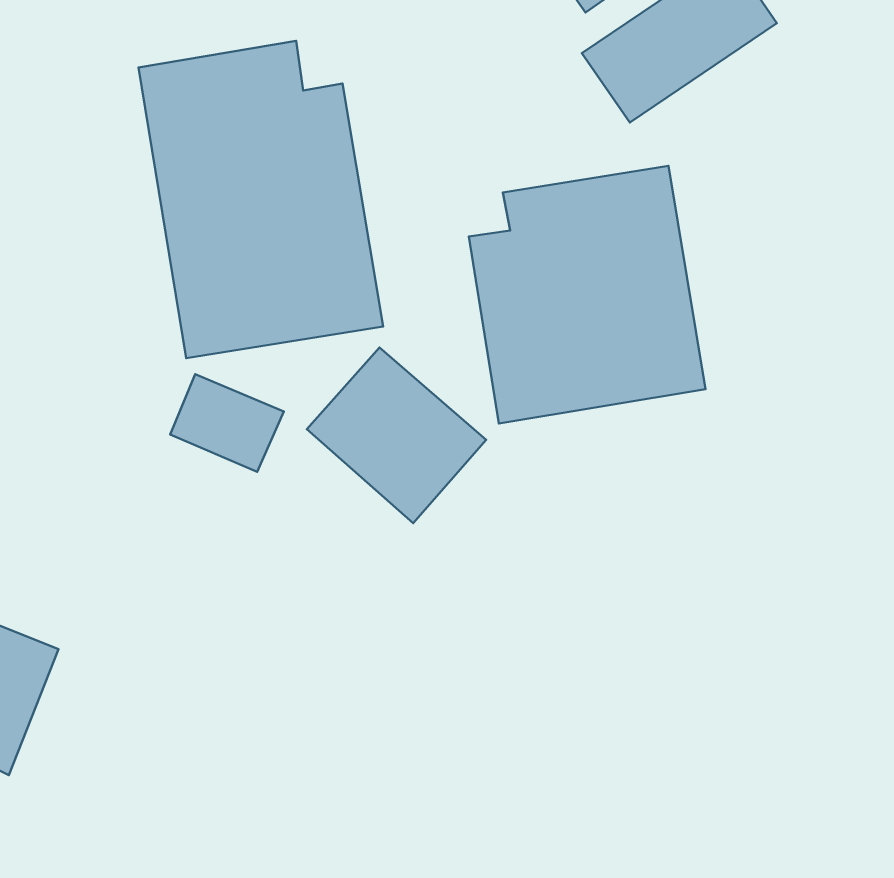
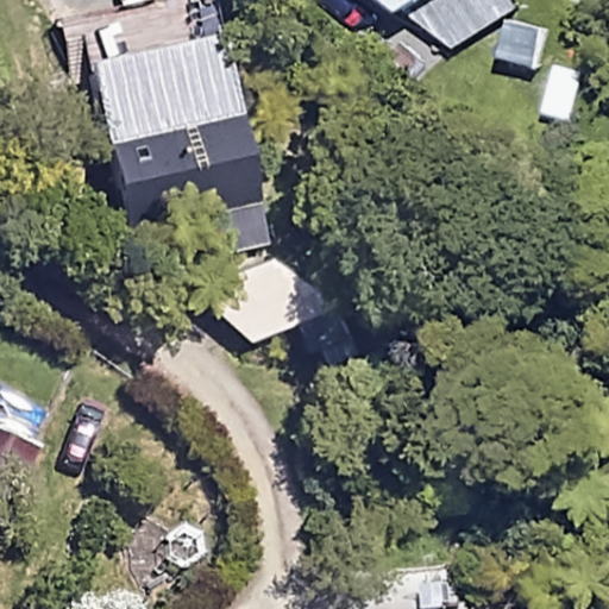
building: [469,166,705,423] -> none

